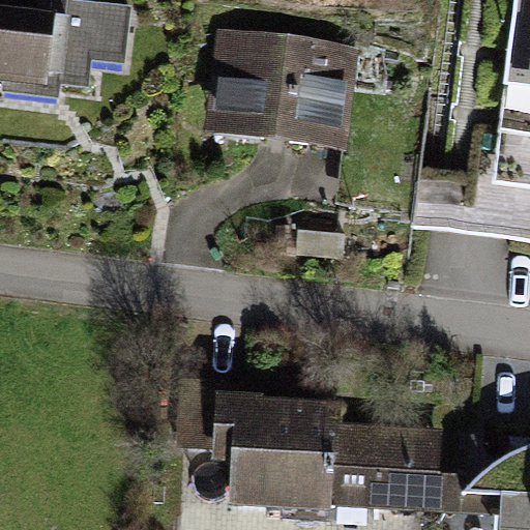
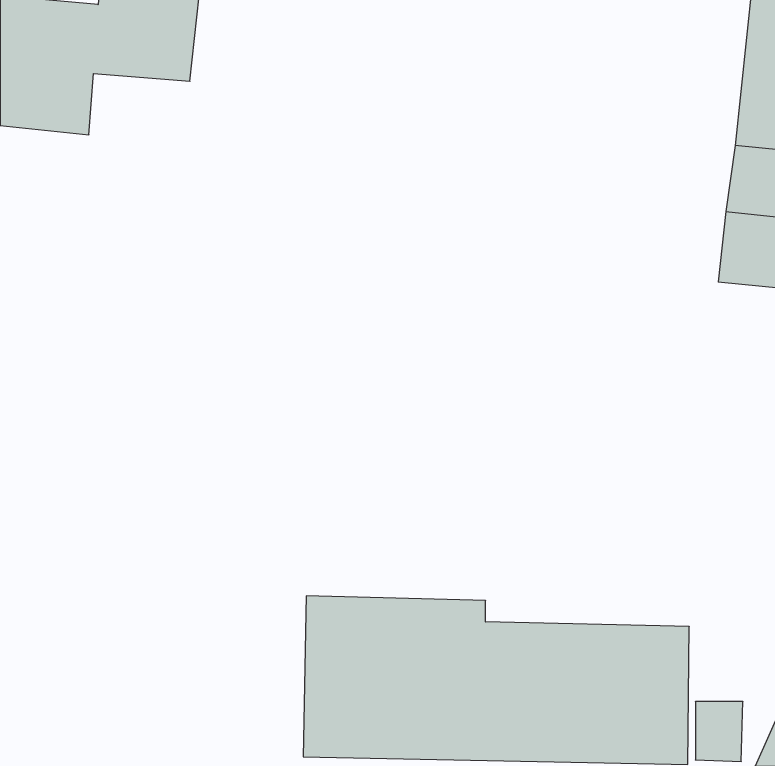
building: [210,20,369,153] -> none

